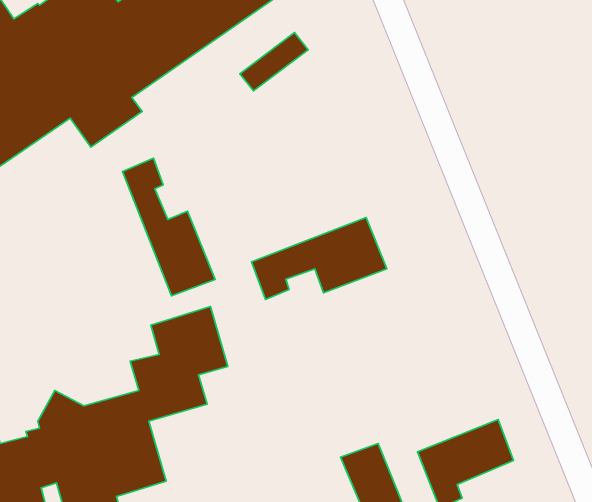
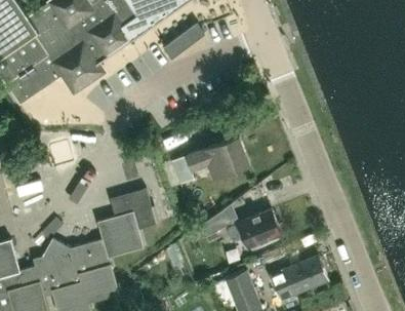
building: [123,158,215,296] -> none
building: none -> [175,204,281,249]

